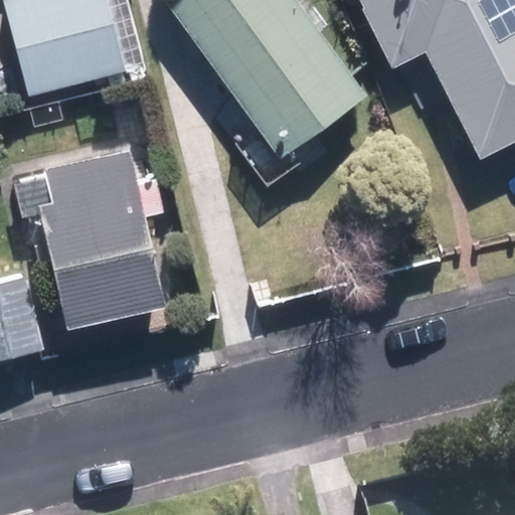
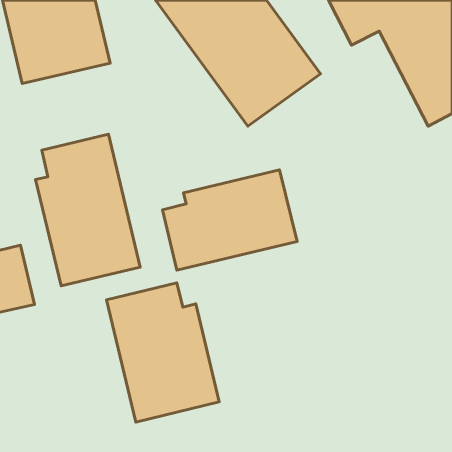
building: none -> [162,170,297,270]
building: none -> [107,283,219,422]

